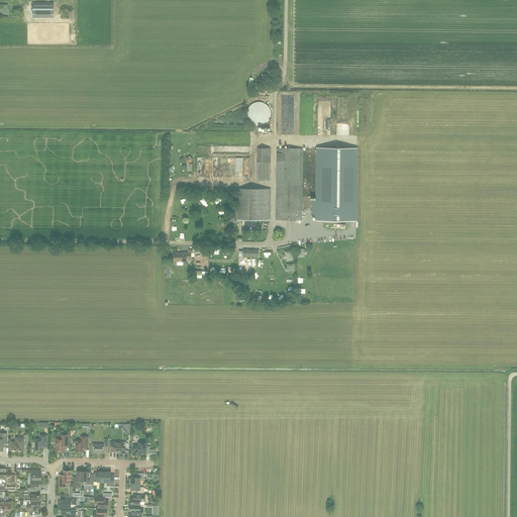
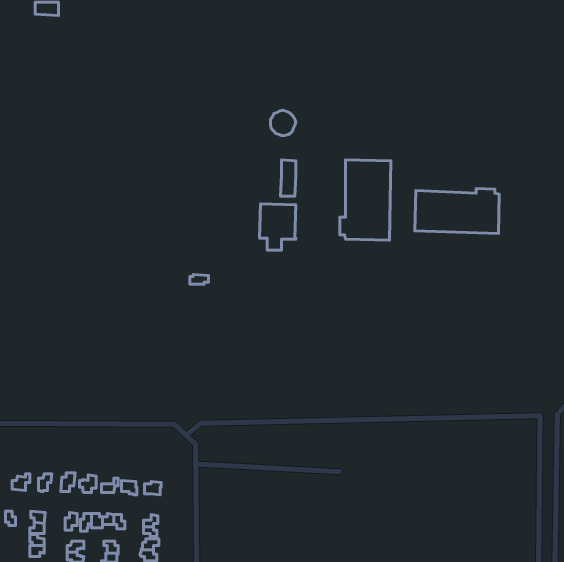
building: [276,147,302,219] -> none
building: none -> [415,188,499,233]

